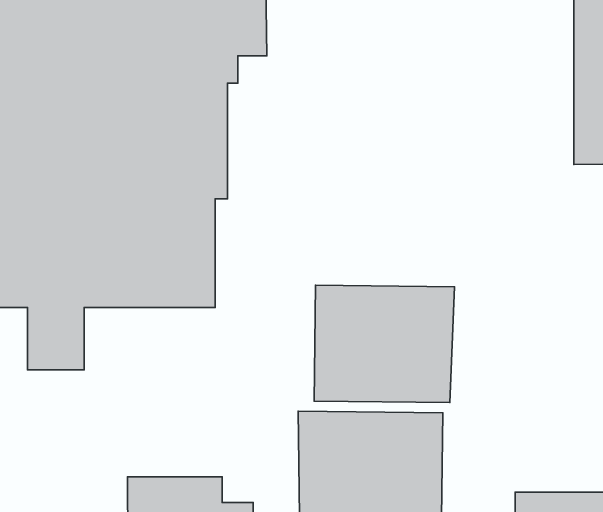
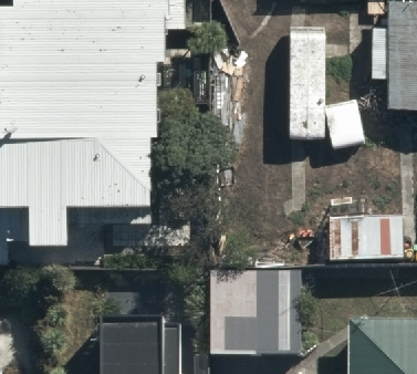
building: [314,285,454,403] -> none

